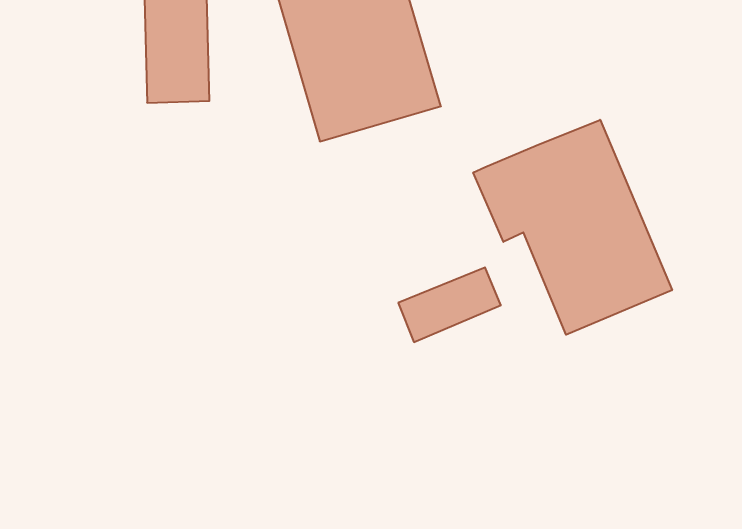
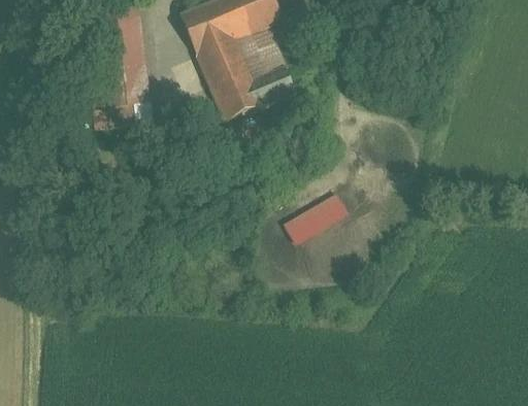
building: [473,120,672,335] -> none

